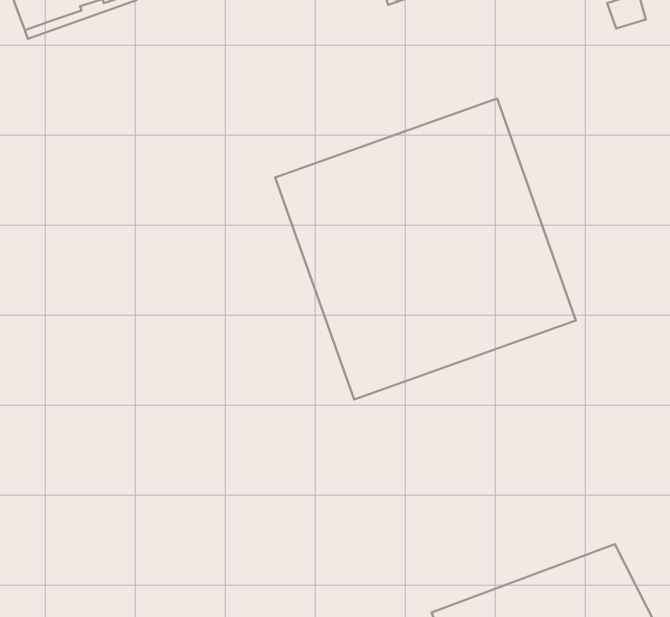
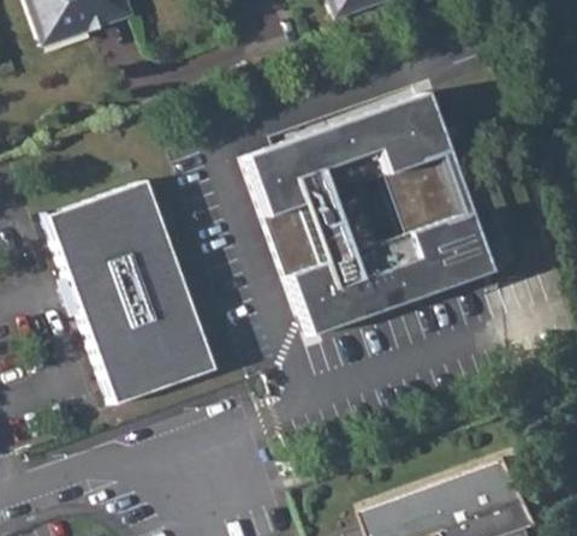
building: none -> [46,181,212,405]

